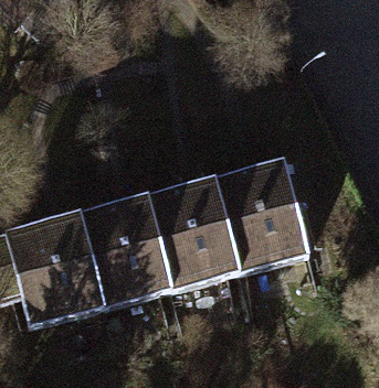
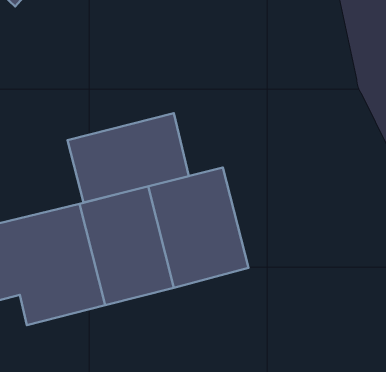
building: none -> [67,113,189,203]
building: [213,159,308,272] -> none

